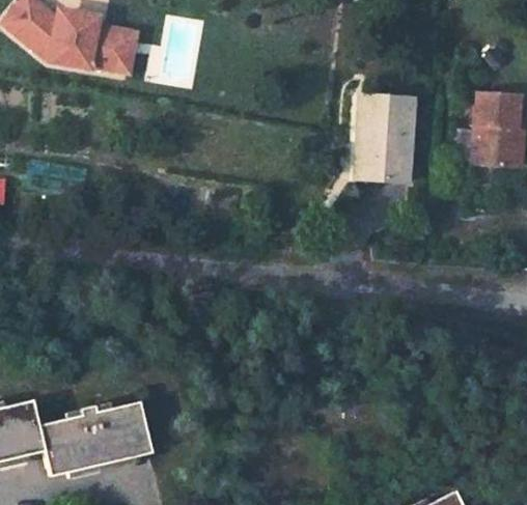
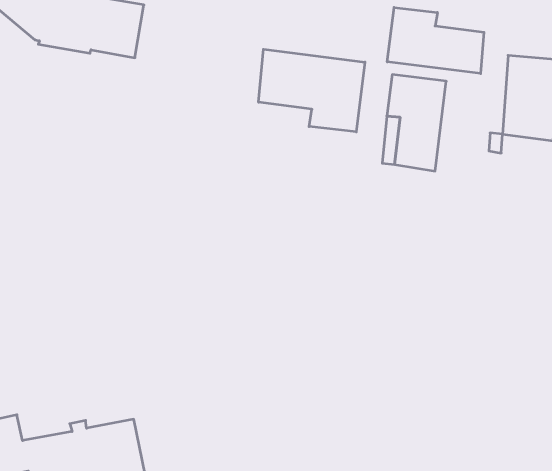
building: none -> [387,7,484,74]
building: none -> [259,49,365,132]

